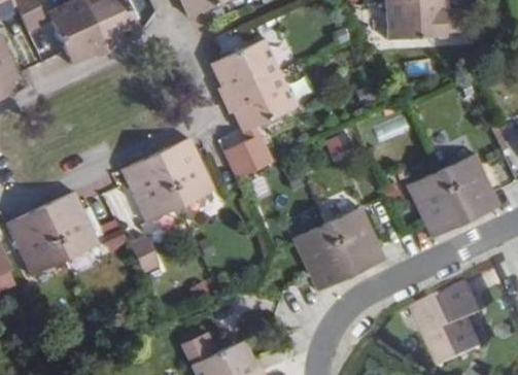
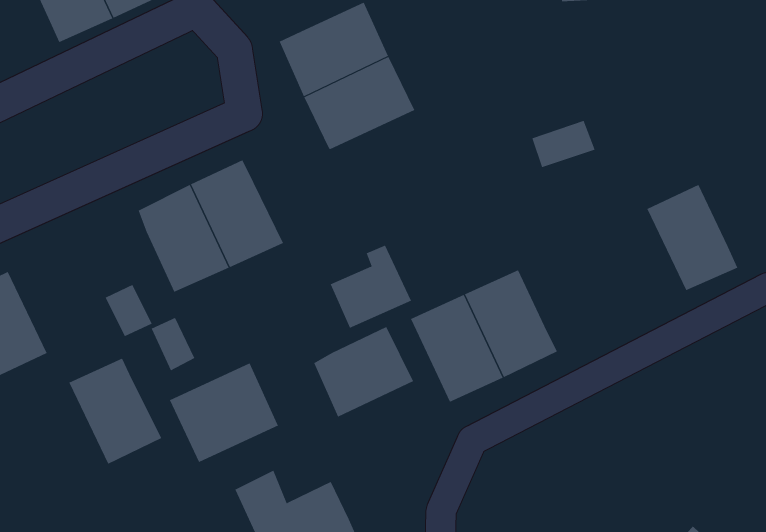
building: [226,125,277,177] -> [330,245,412,329]
building: [407,169,465,237] -> none
building: [40,193,99,260] -> [68,358,162,465]
building: none -> [313,326,414,417]
building: none -> [169,363,279,463]
building: [414,279,483,363] -> none

